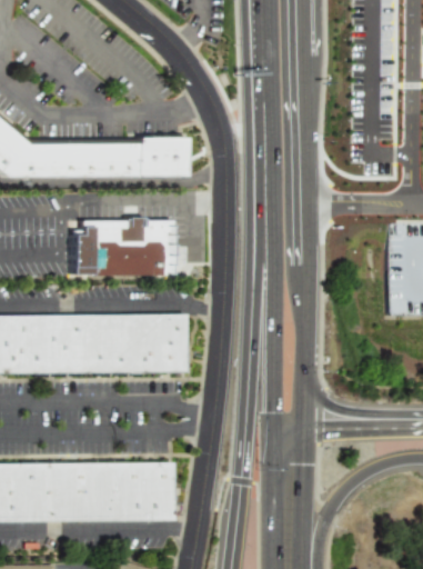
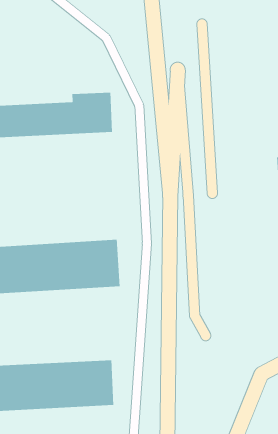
building: [83,217,179,272] -> none

